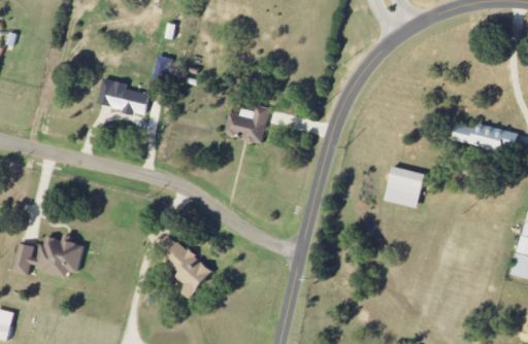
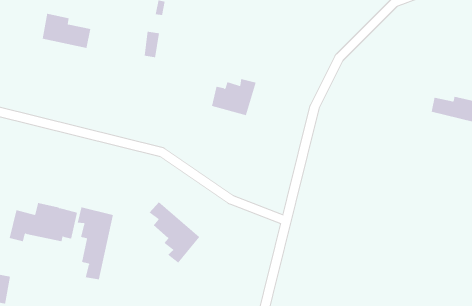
building: [98,78,150,115] -> [42,13,91,49]
building: [385,166,427,208] -> none
building: none -> [77,206,113,280]

